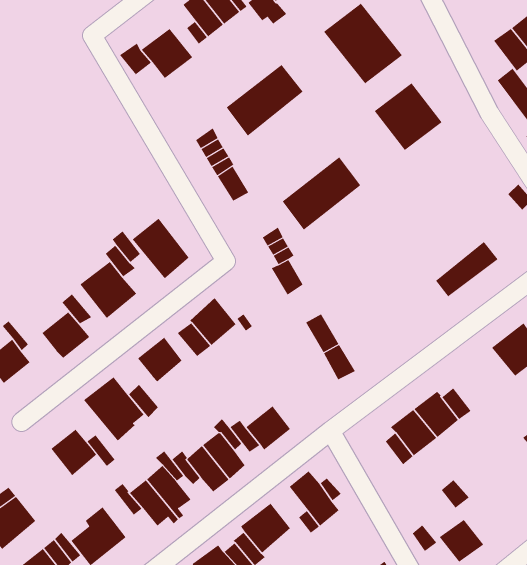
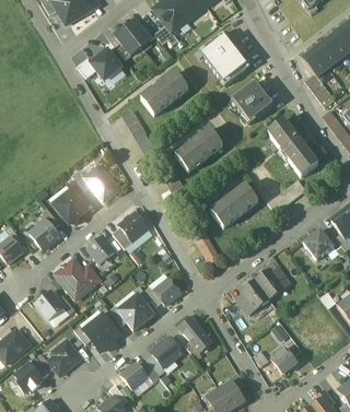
building: none -> [266,118,318,176]
building: none -> [210,184,258,227]

